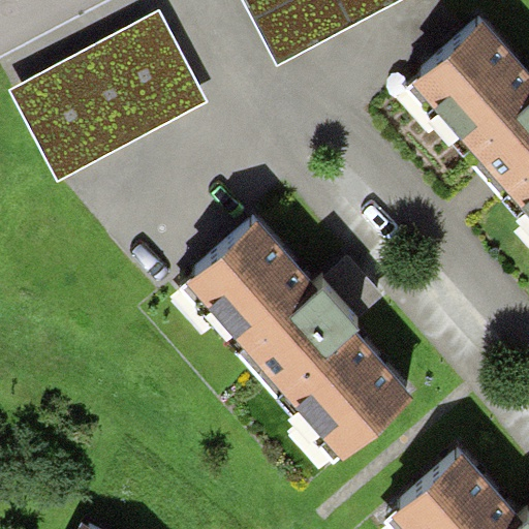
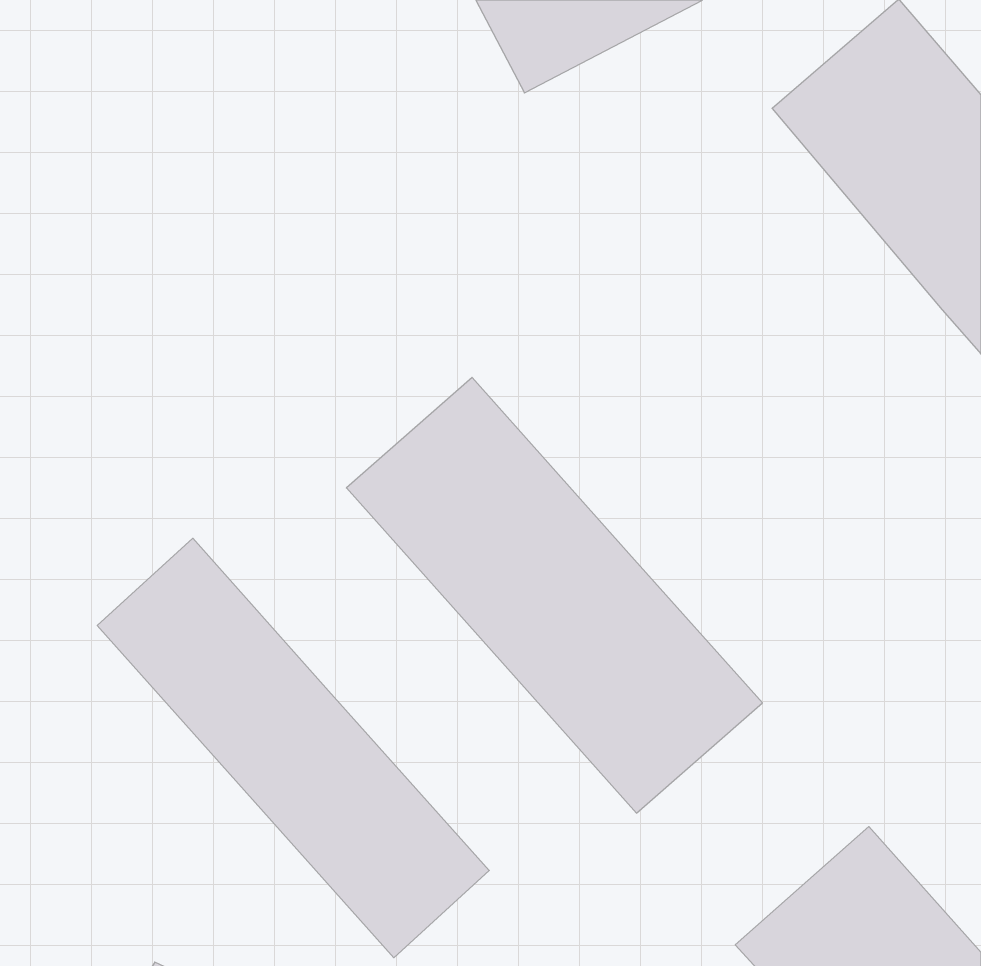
building: [11,20,204,186] -> none
building: none -> [97,538,489,958]

